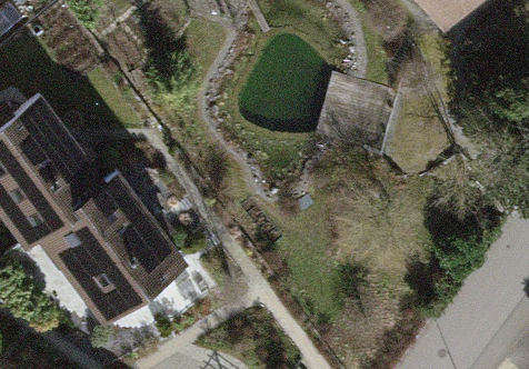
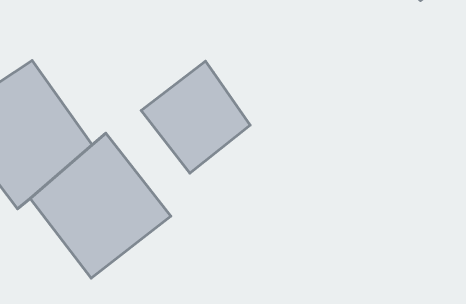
building: none -> [141,61,250,173]

